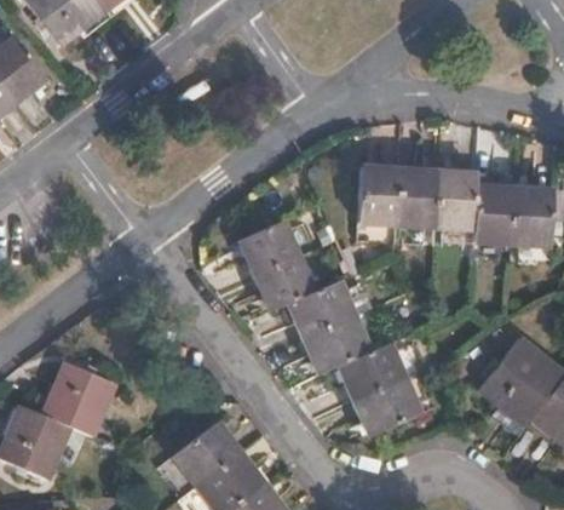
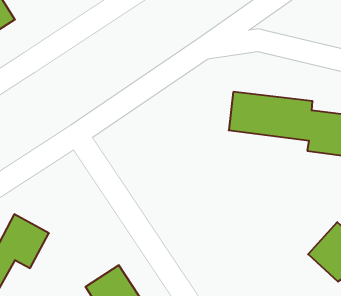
building: [241,217,418,426] -> none

